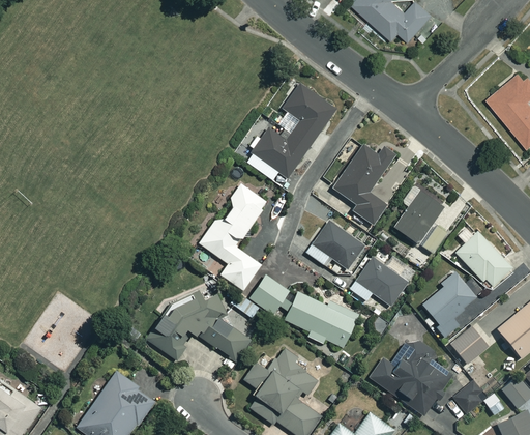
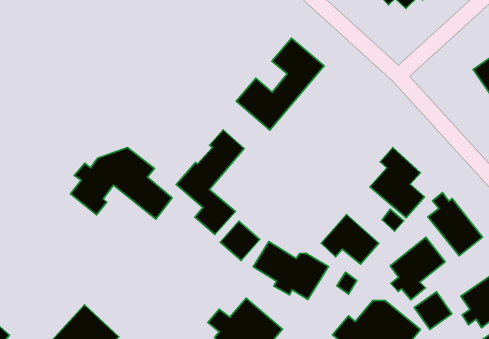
building: [332,144,394,225] -> none
building: [307,222,363,269] -> none
building: [149,290,252,360] -> [71,147,172,219]

